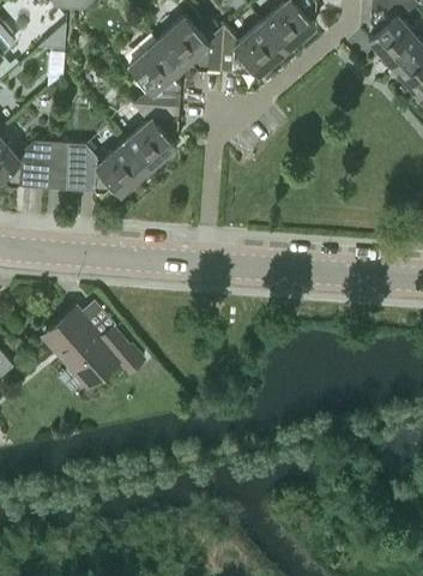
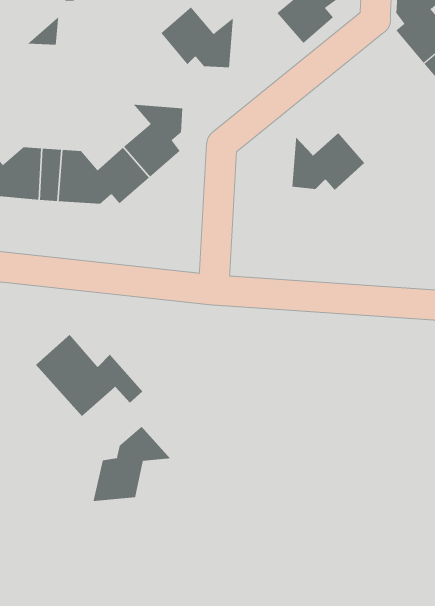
building: [220,22,286,74] -> [292,132,365,191]
building: [129,40,182,107] -> none
building: none -> [93,426,171,502]

